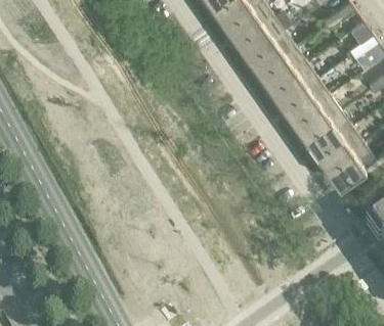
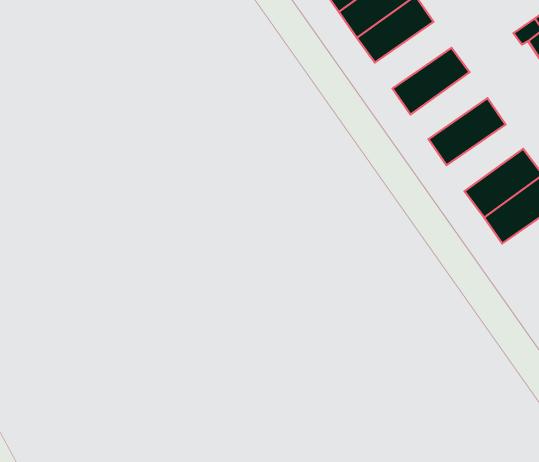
building: [258,45,306,87] -> none
building: [281,77,329,119] -> none
building: [303,109,351,151] -> none

